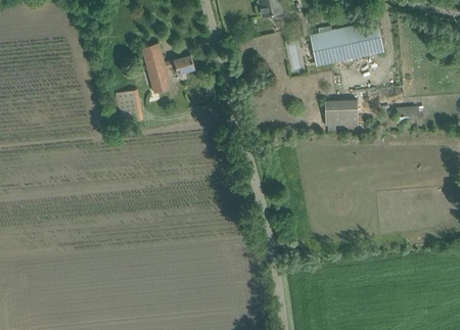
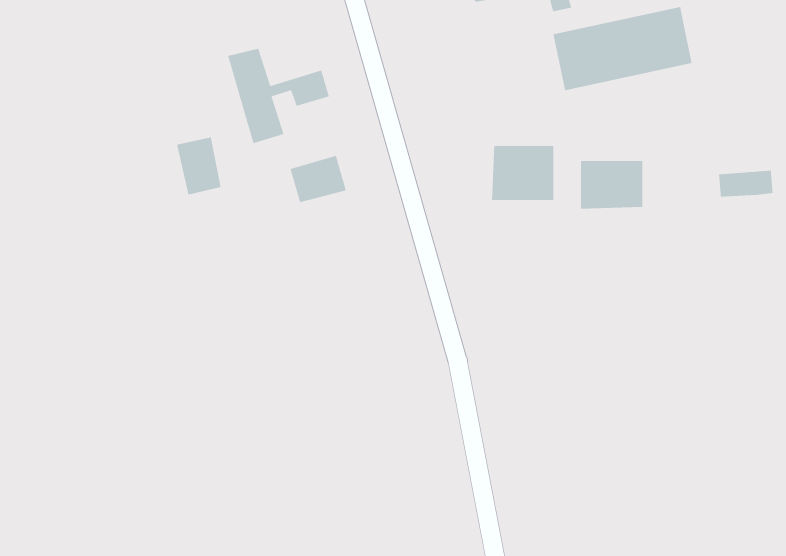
building: none -> [491,145,554,201]
building: none -> [290,155,347,203]

